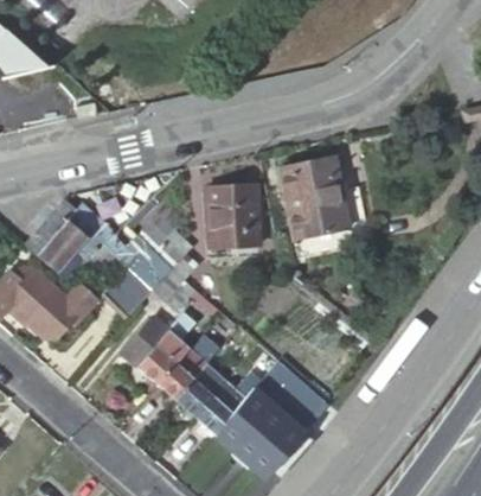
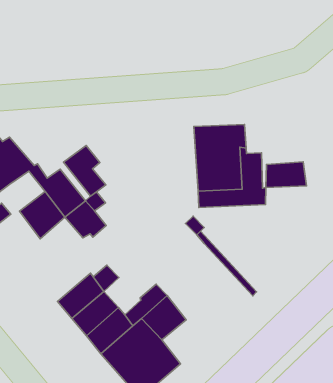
building: [207,184,258,244] -> none
building: none -> [266,162,306,188]
building: [120,311,194,383] -> none
building: [278,382,328,432] -> none

